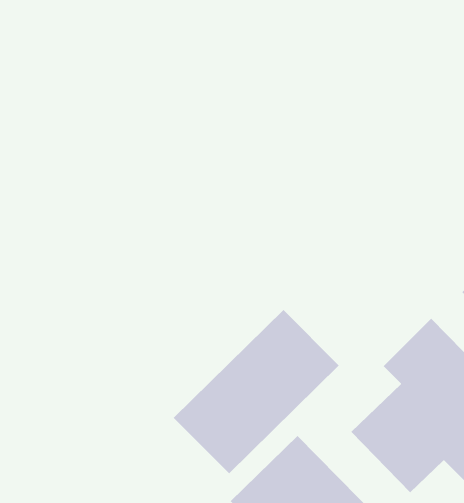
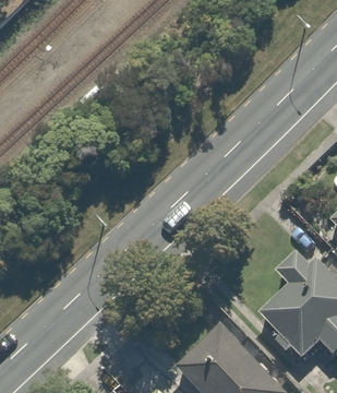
building: [173,309,340,474] -> none

